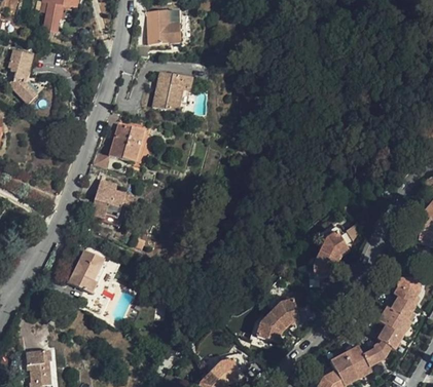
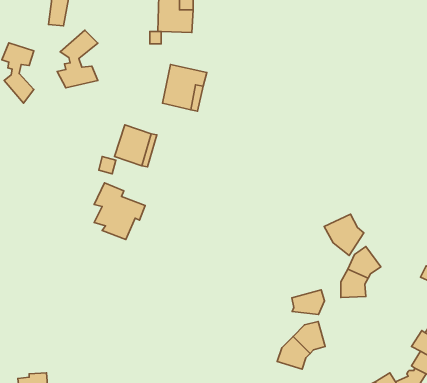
building: none -> [57,30,98,88]
building: none -> [324,214,364,255]
building: [70,247,104,293] -> none
building: none -> [292,290,324,314]

